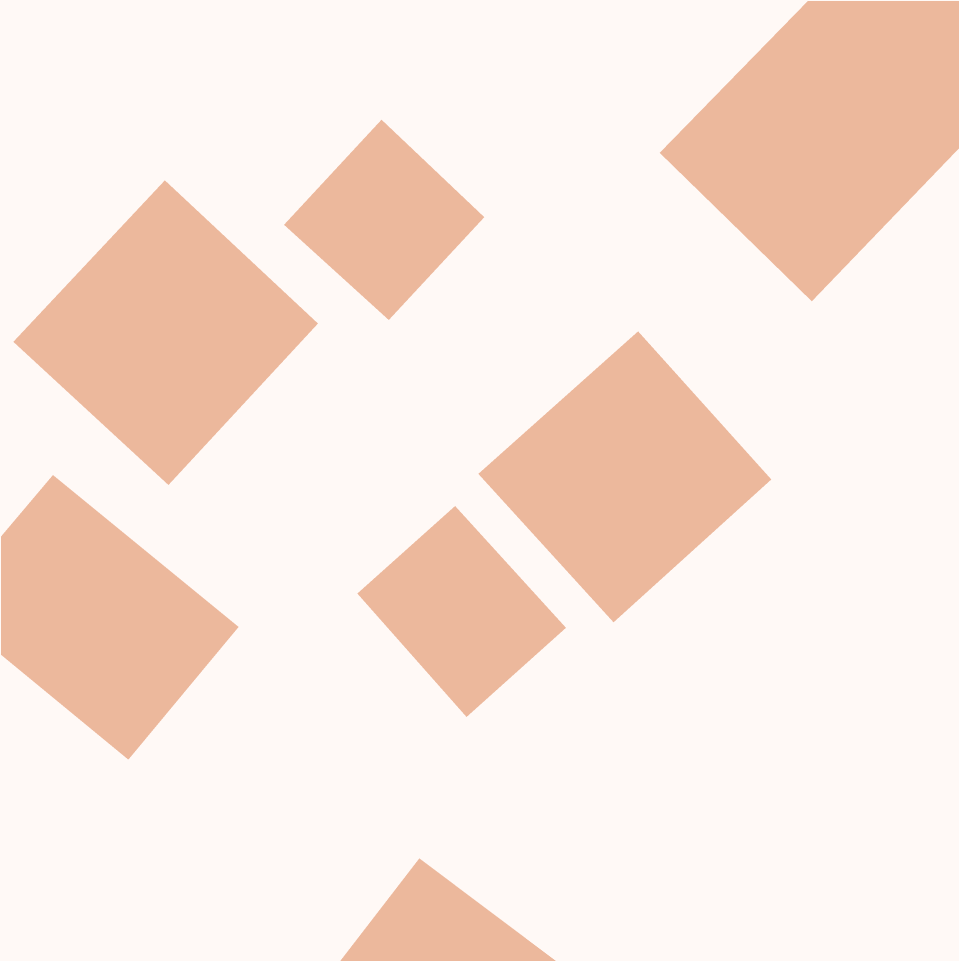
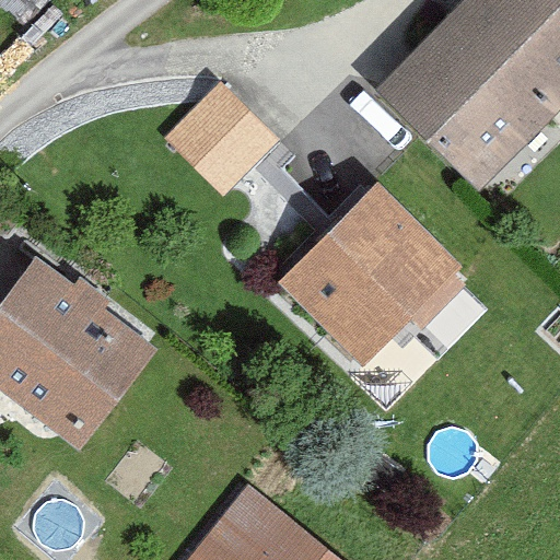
building: [12,180,319,486] -> none
building: [357,505,567,718] -> none

